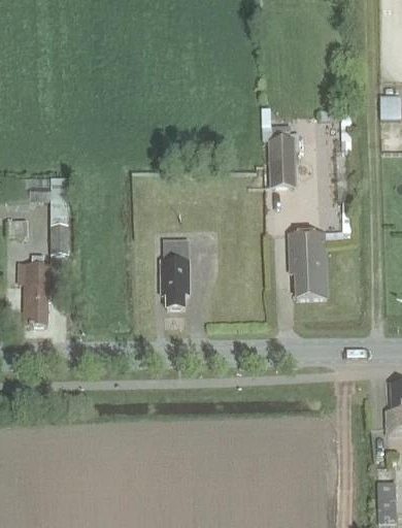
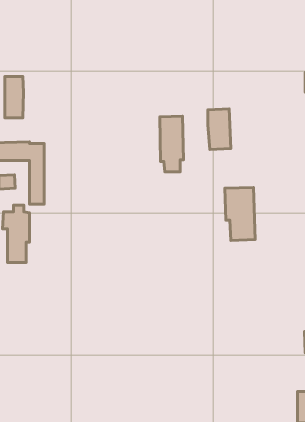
building: none -> [5,76,23,118]
building: [160,238,189,306] -> [160,116,183,172]

